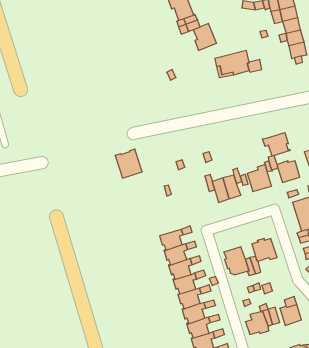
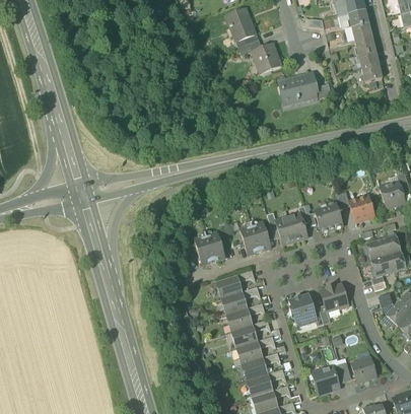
building: [263,133,290,156] -> none
building: [115,149,142,178] -> [194,231,224,264]
building: none -> [239,221,270,255]

